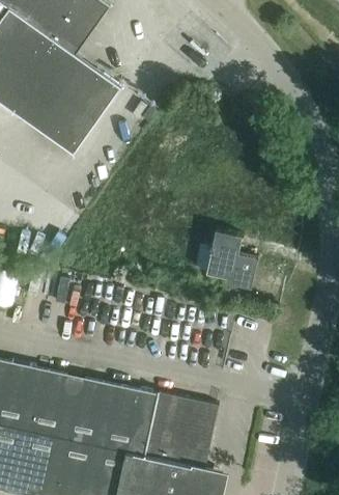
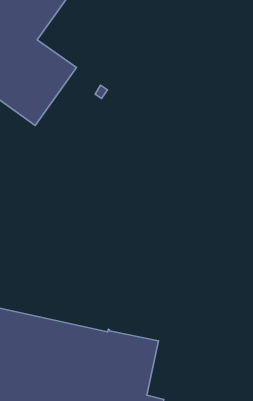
building: [206,230,257,288] -> none

